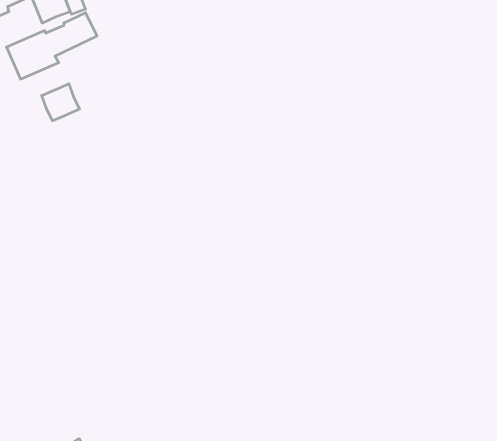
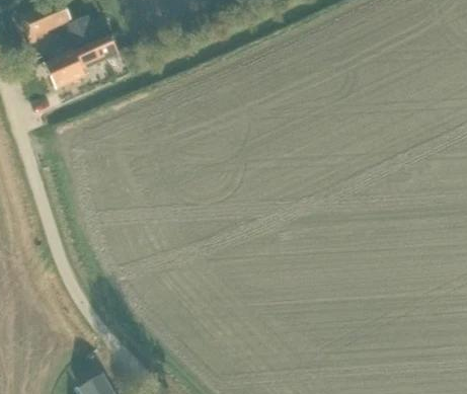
building: [42,84,79,121] -> none

